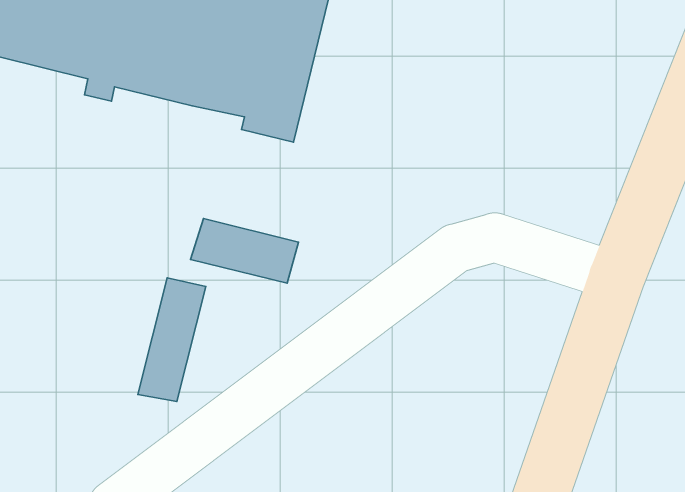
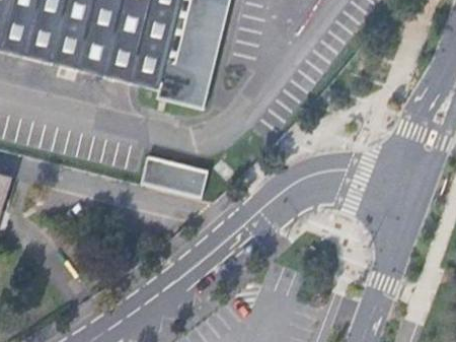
building: [138,278,206,401] -> none

